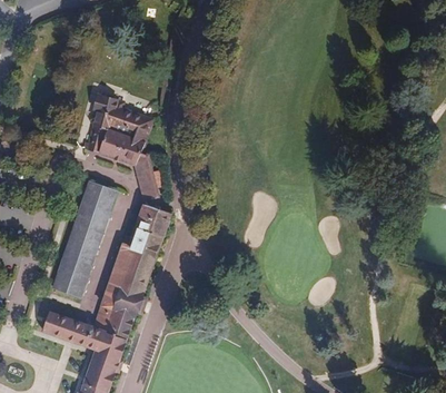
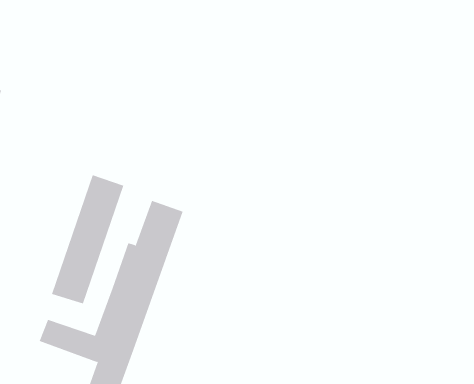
building: [83,92,159,202] -> none

